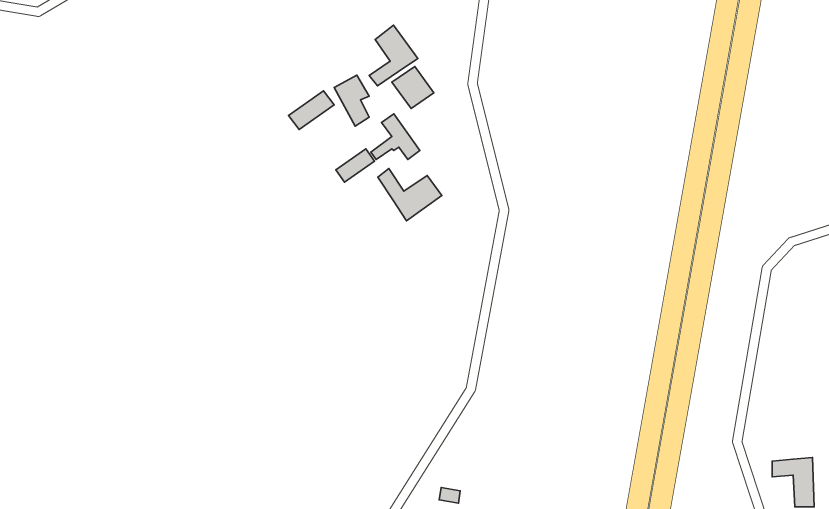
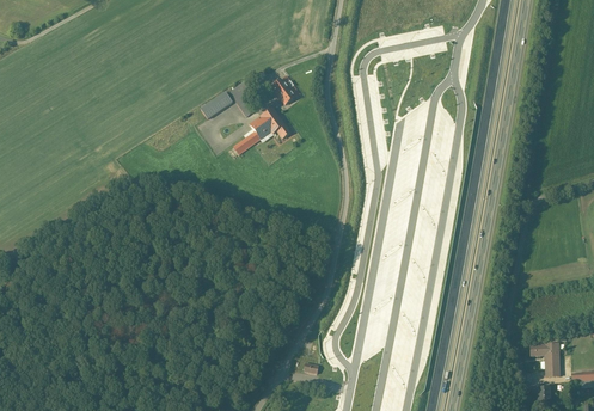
building: [369,25,418,86] -> none
building: [378,169,442,221] -> none

